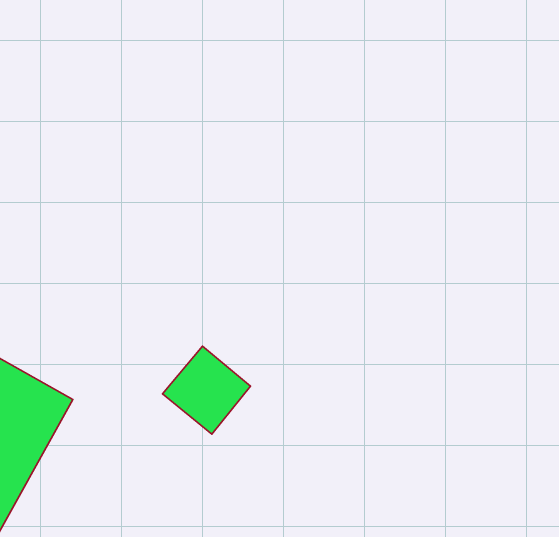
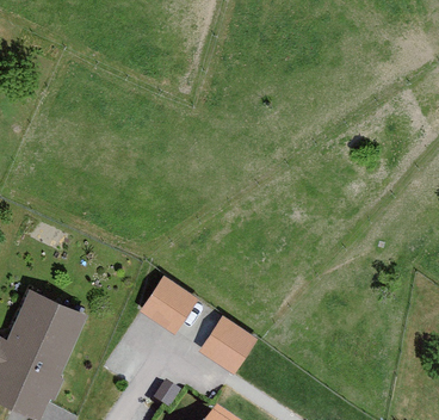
building: none -> [205,316,262,372]

